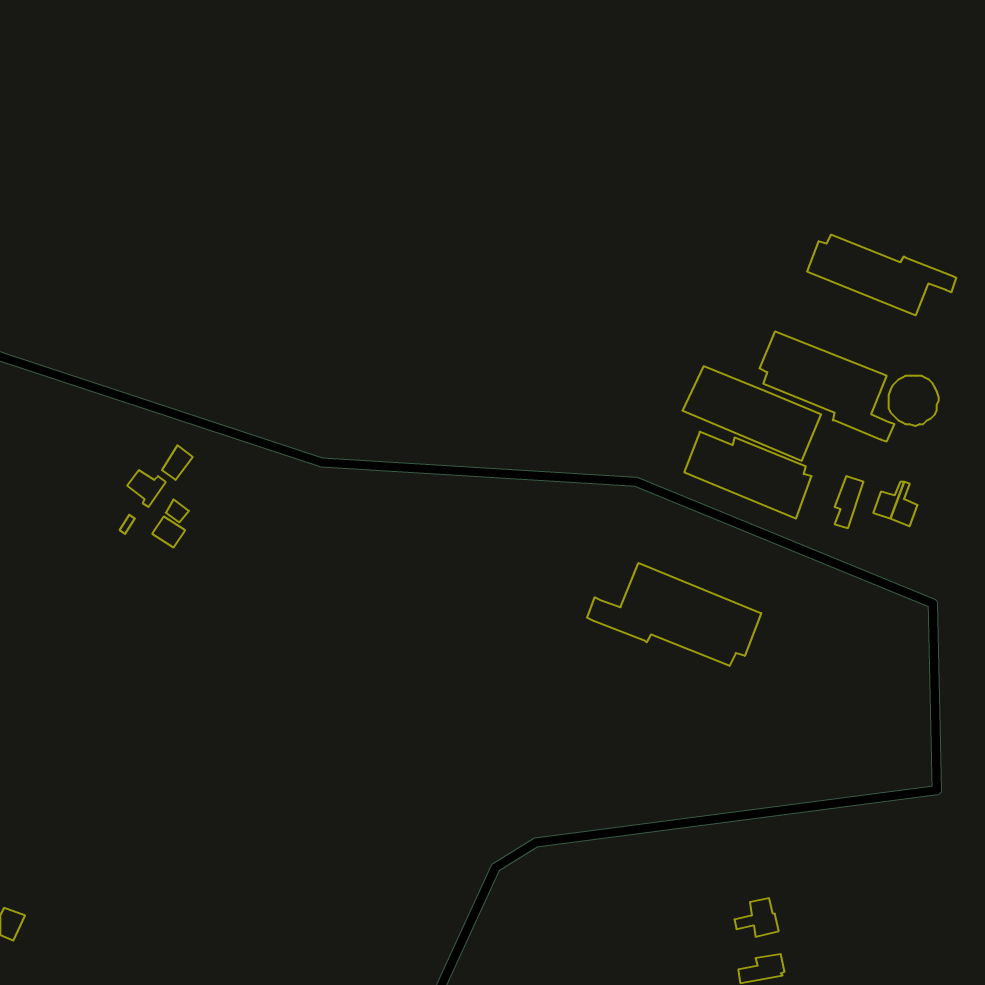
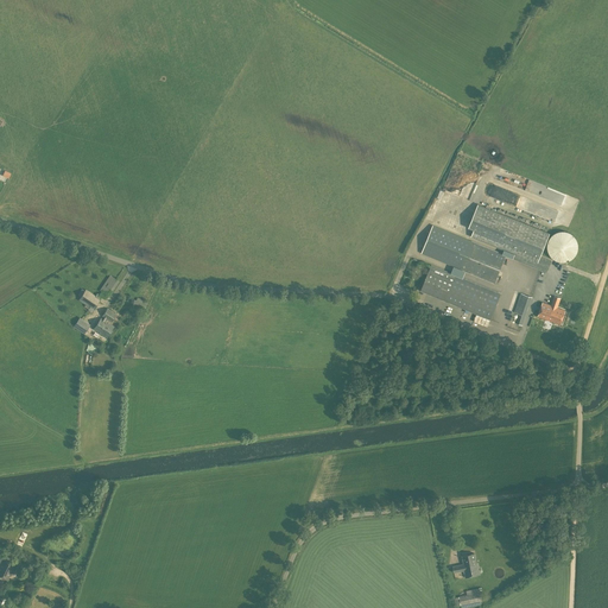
building: [807,235,956,315] -> none
building: [587,563,761,666] -> none

